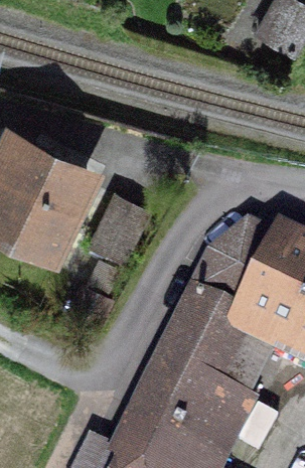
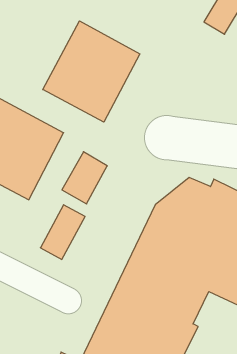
building: none -> [43,21,140,122]

